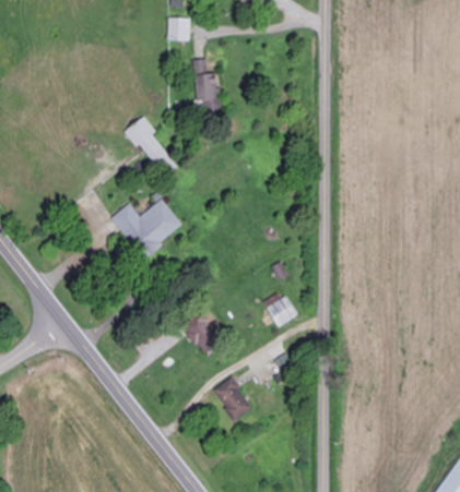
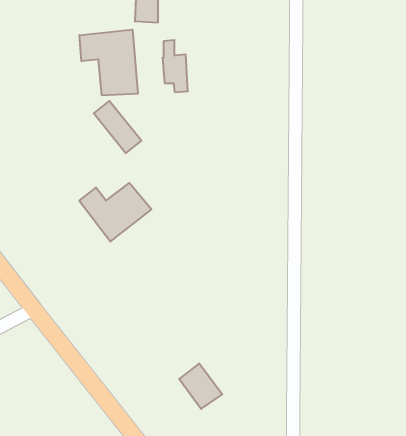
building: none -> [79,30,138,95]
building: [264,293,297,327] -> none
building: [184,316,220,352] -> none

